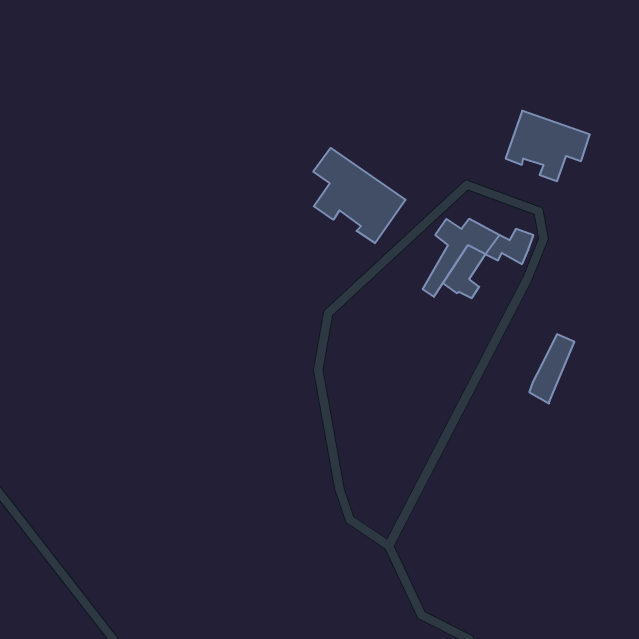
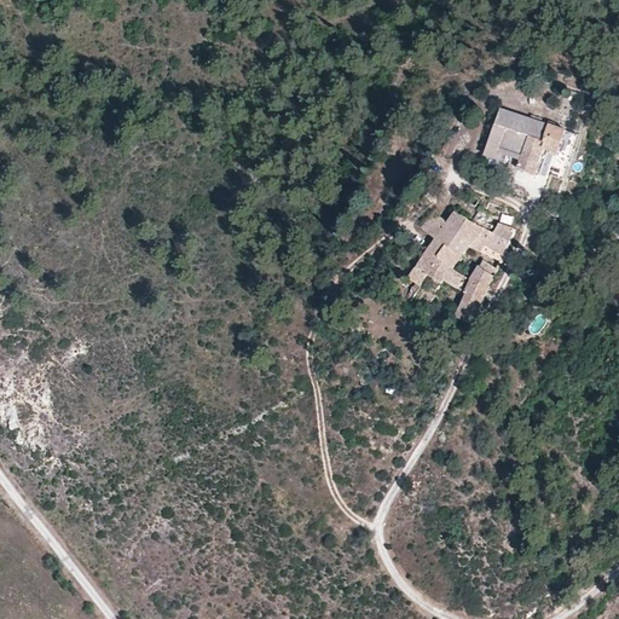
building: [313,148,406,243] -> none
building: [529,334,574,403] -> [452,260,496,326]

